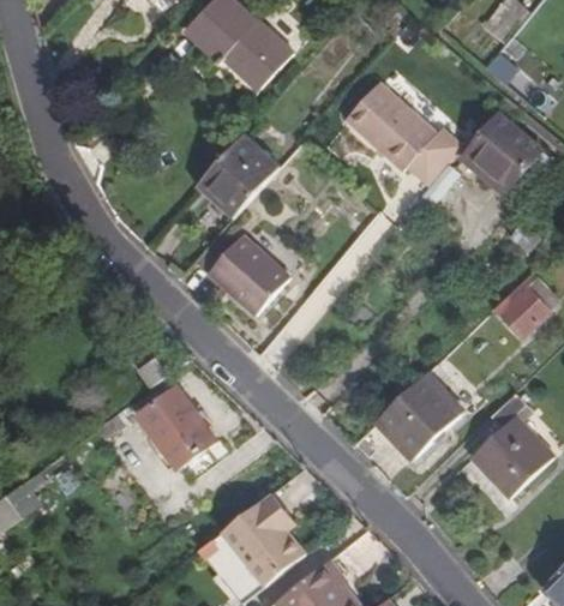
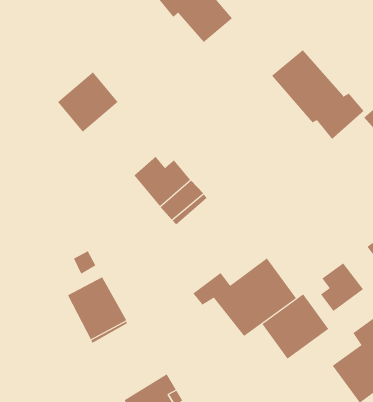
building: [200,138,275,214] -> [57,72,119,133]
building: none -> [320,262,364,312]
building: none -> [193,258,297,337]

